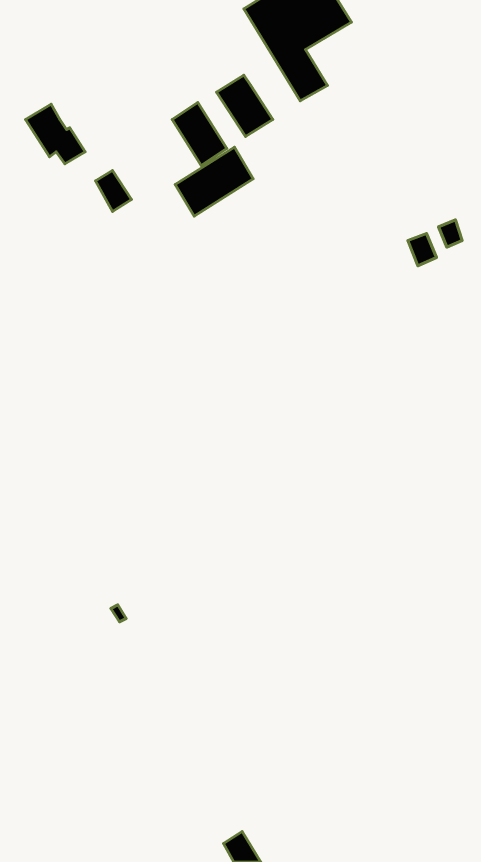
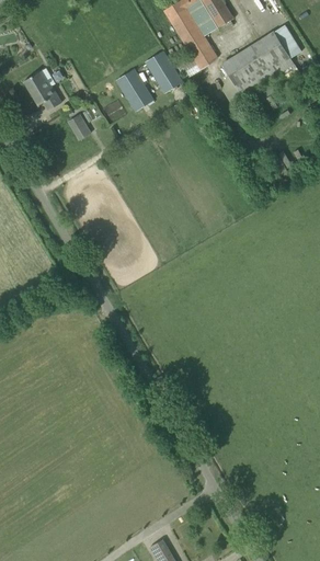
building: none -> [222,32,294,95]
building: [175,147,253,216] -> none

